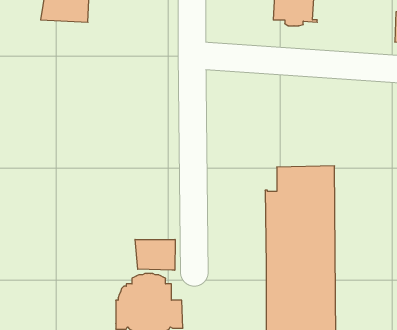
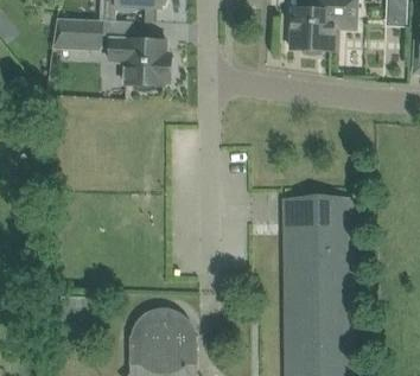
building: none -> [109,38,177,90]
building: [135,239,175,270] -> none

